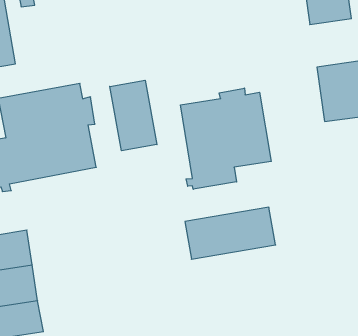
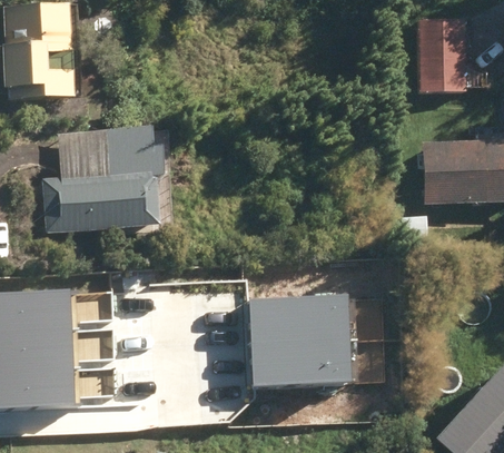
building: [110,80,157,151] -> none
building: [181,88,271,189] -> none
building: none -> [253,337,352,383]

